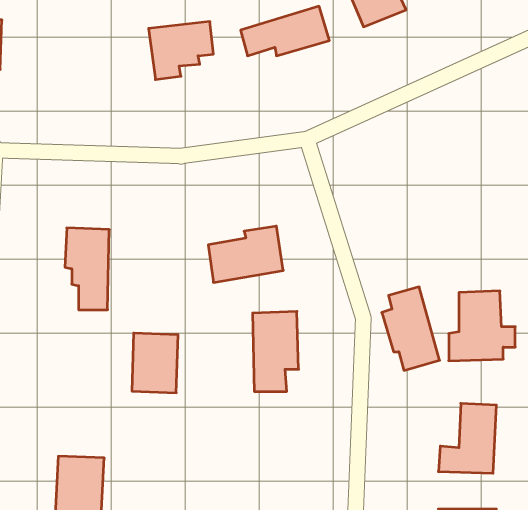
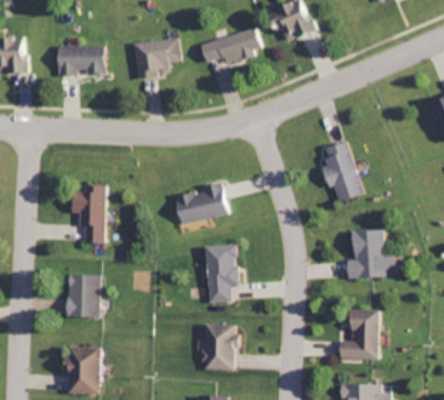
building: none -> [59,45,107,75]
building: [382,287,440,370] -> [320,142,362,201]
building: [132,333,178,393] -> [68,274,101,316]
building: none -> [204,322,238,371]

